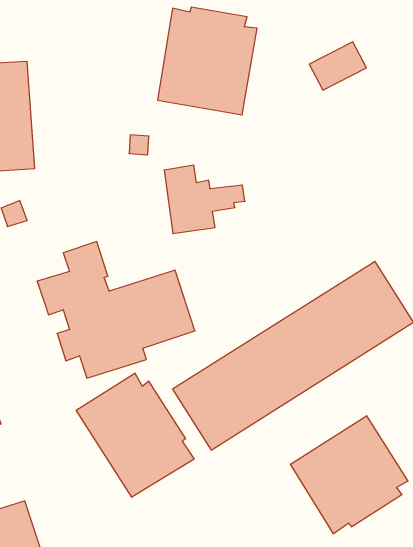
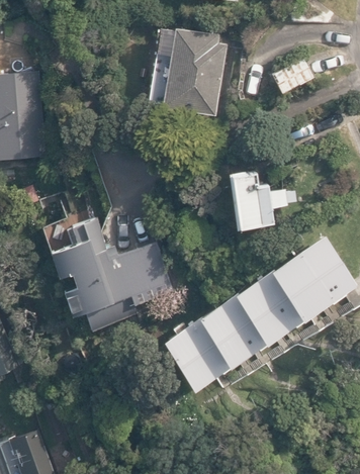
building: [164,165,245,234] -> [229,171,294,226]
building: [76,373,194,497] -> none
building: [290,416,408,534] -> none

